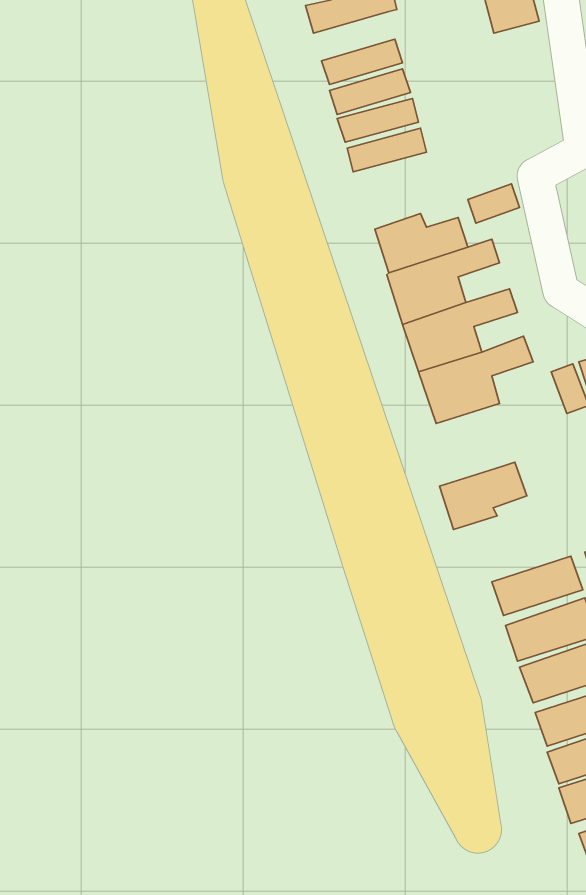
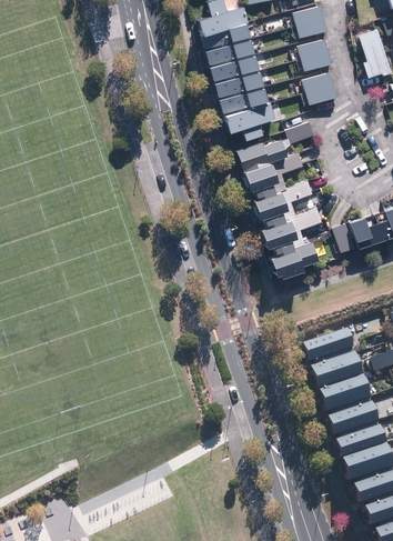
building: none -> [201,23,248,50]
building: none -> [300,37,332,69]
building: none -> [305,69,337,101]
building: none -> [222,102,275,140]
building: [440,462,527,530] -> [270,241,319,279]

